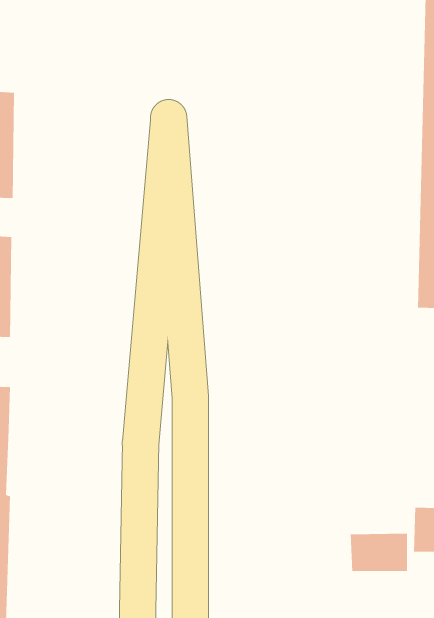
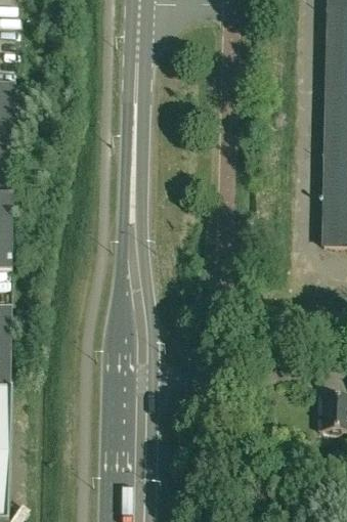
building: [350,533,408,572] -> none

